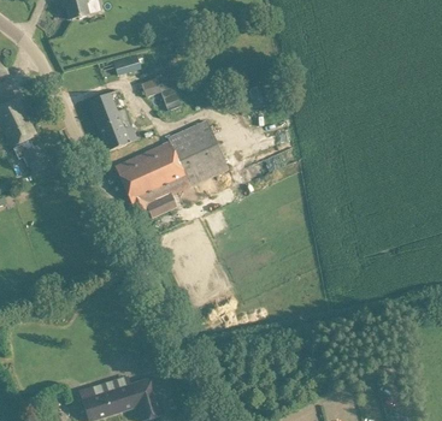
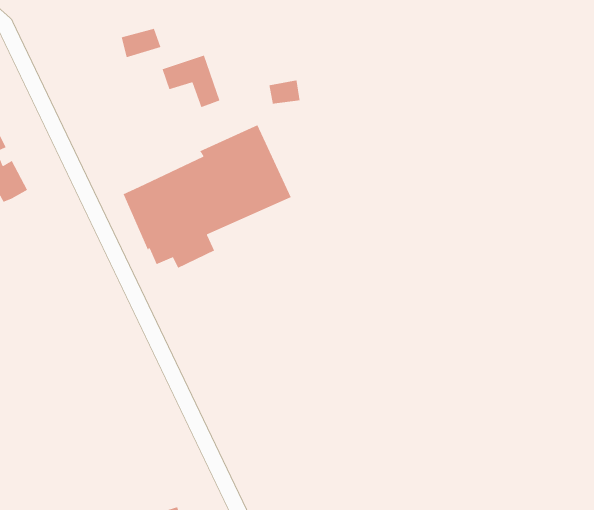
building: [89,93,139,152] -> none

